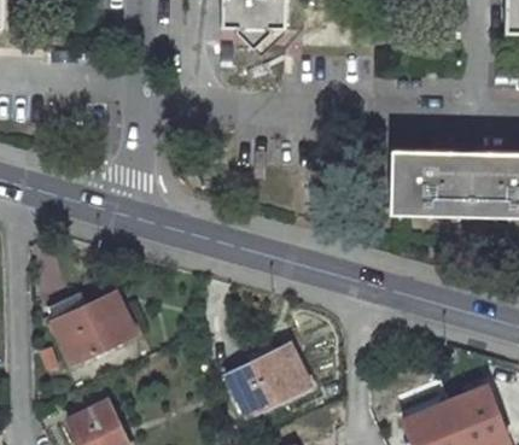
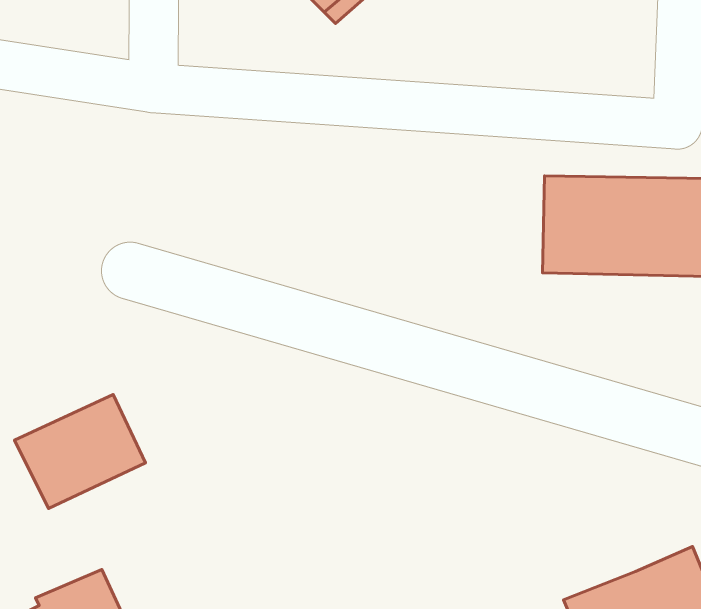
building: [227,344,311,418] -> none

